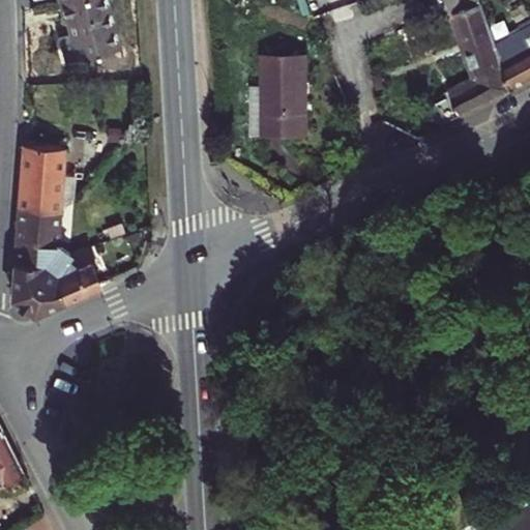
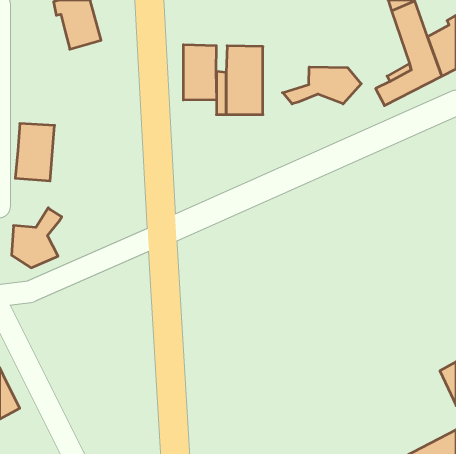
building: none -> [183,45,216,100]
building: none -> [282,67,361,104]
building: [16,210,58,267] -> none
building: [55,260,101,300] -> none

